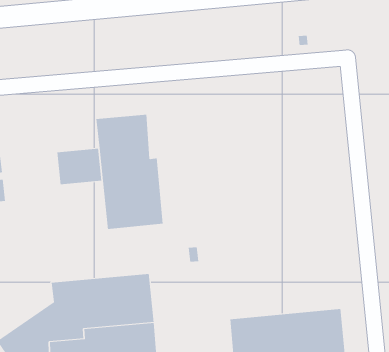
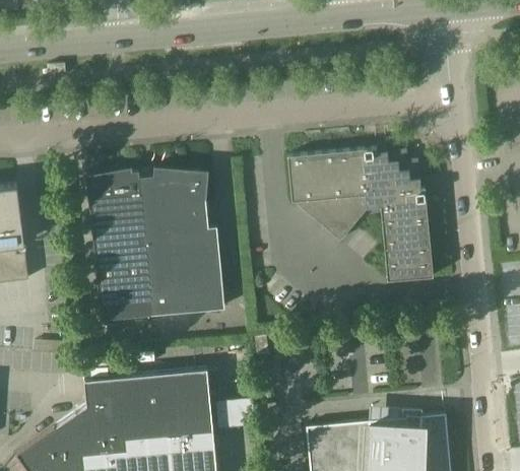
building: none -> [287,149,433,282]
building: none -> [87,172,144,219]
building: none -> [95,255,154,320]

